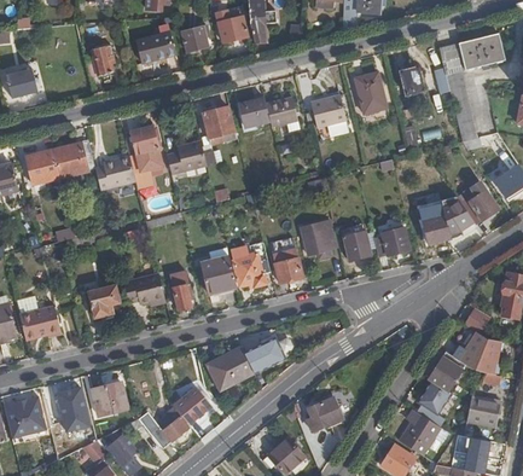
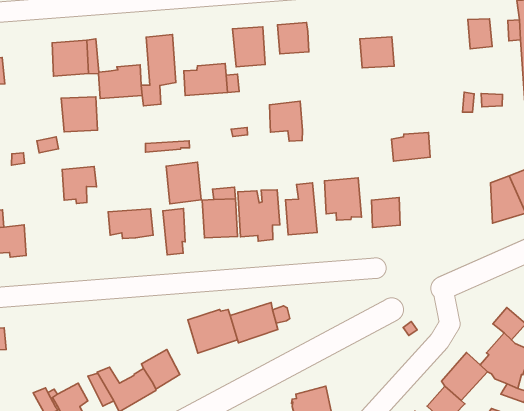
building: [354,72,387,114] -> none
building: [266,95,298,130] -> [269,101,302,141]
building: [23,149,58,182] -> [61,97,98,132]
building: [419,204,448,243] -> none
building: [373,226,408,255] -> [392,132,430,161]
building: none -> [166,162,201,204]
building: [86,285,117,319] -> [62,166,97,204]
building: [89,381,127,416] -> none
building: [56,388,88,431] -> none

